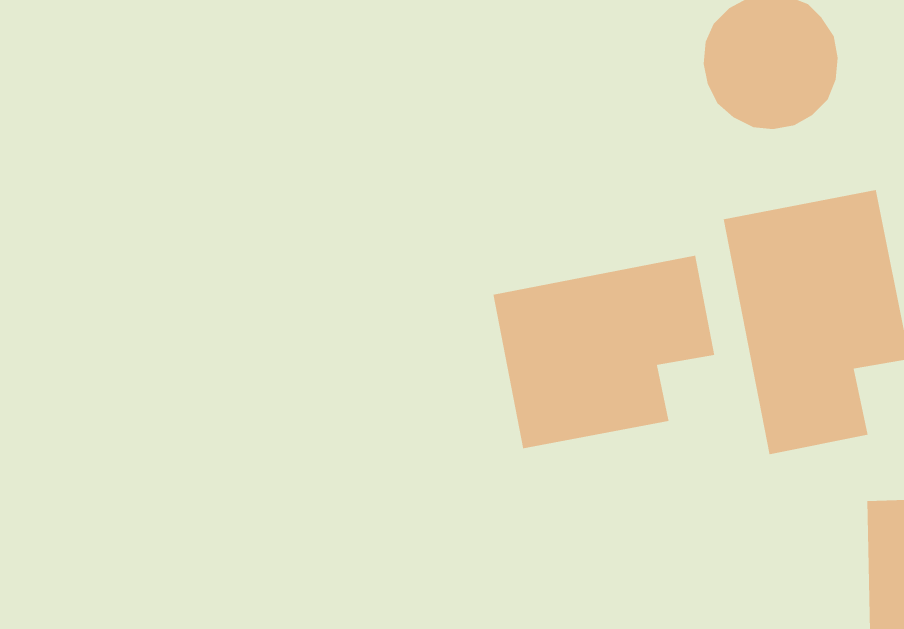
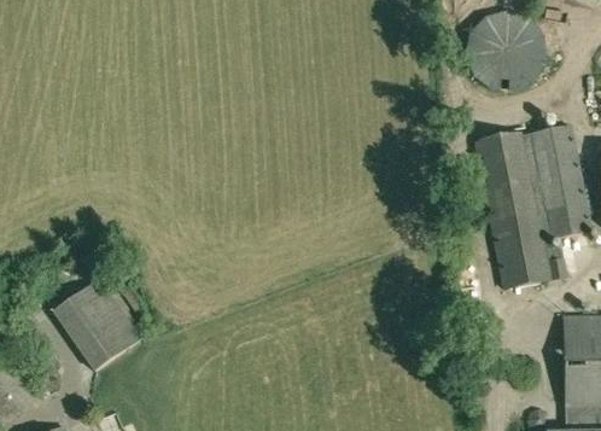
building: [493,255,715,449] -> none
building: none -> [54,276,139,369]

